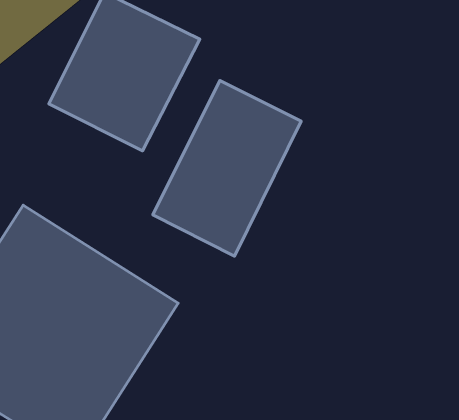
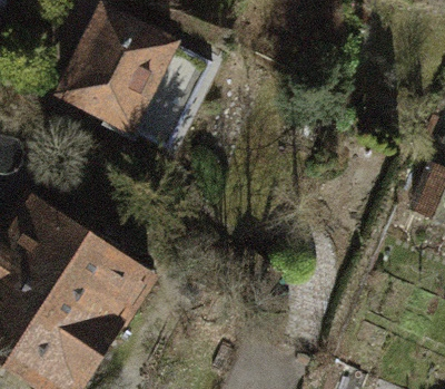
building: [153,81,301,256] -> none

